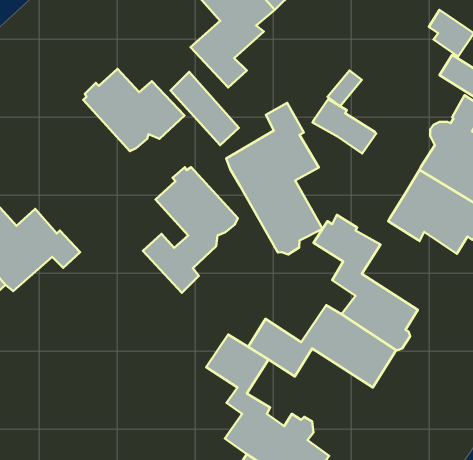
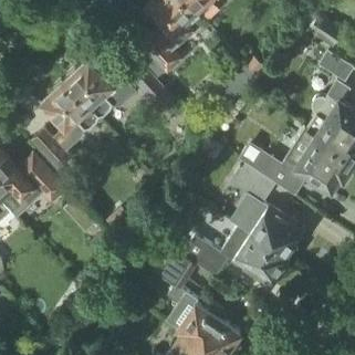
building: [312,99,376,154] -> [259,157,304,196]
building: [226,103,323,255] -> none
building: [143,167,238,293] -> [31,81,98,170]

